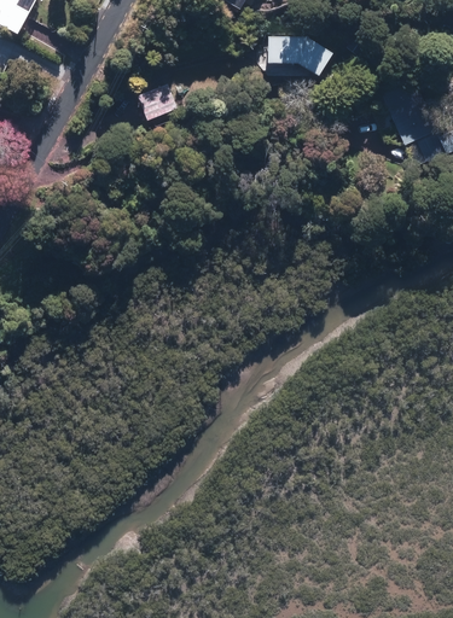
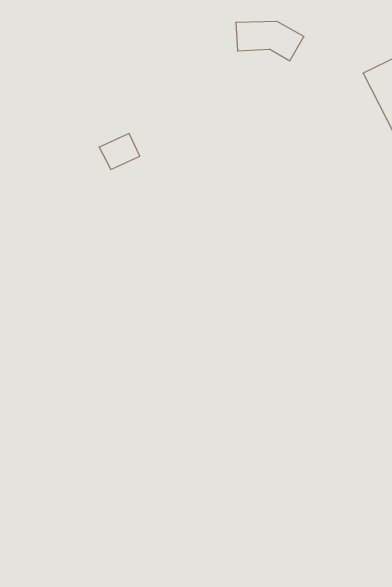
building: [139,84,176,117] -> [99,134,140,170]

